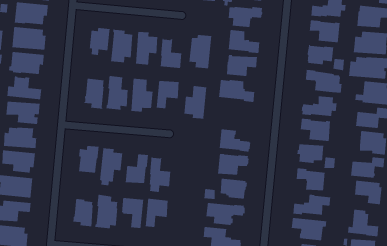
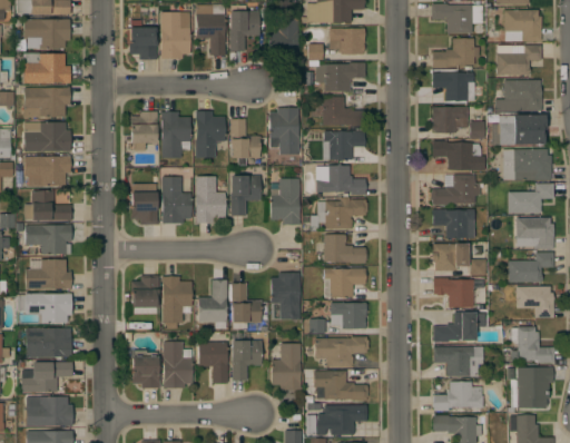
building: none -> [306,198,367,230]
building: none -> [272,273,301,319]
building: none -> [272,344,303,391]

